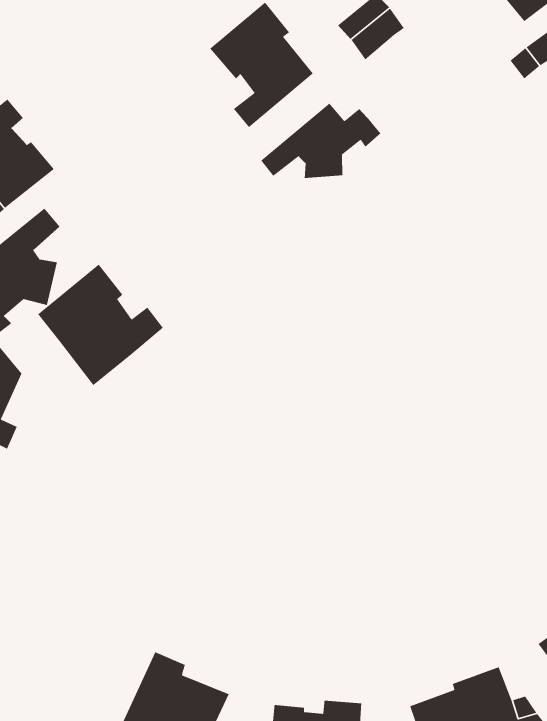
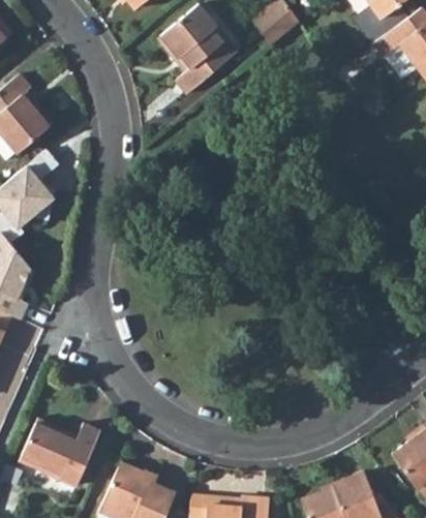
building: [260,102,382,179] -> none
building: [37,263,164,386] -> none
building: none -> [23,418,102,485]

